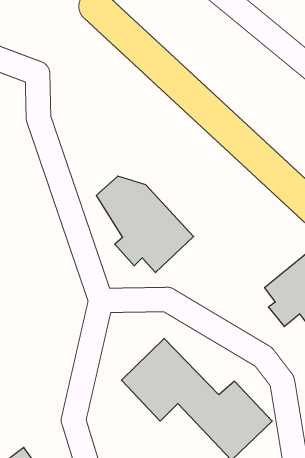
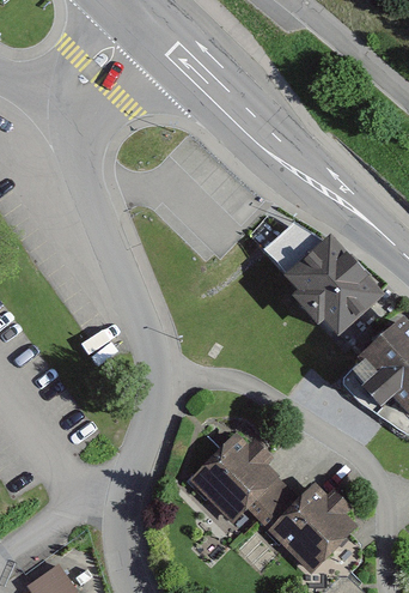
building: [96,176,194,273] -> [268,225,387,344]

